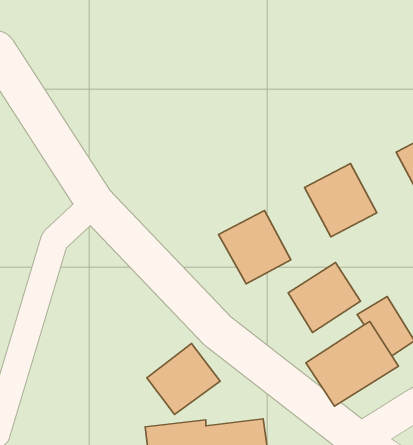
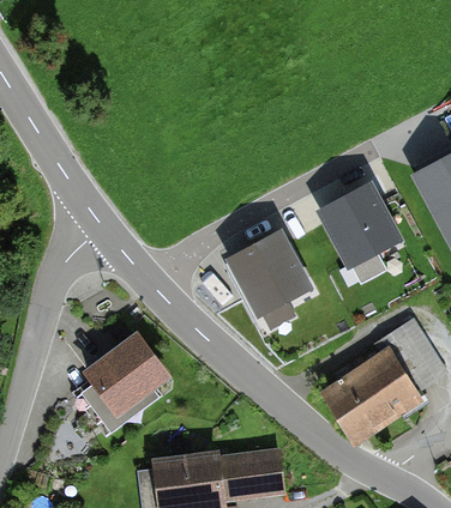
building: [288,263,361,333] -> none
building: [147,343,220,414] -> [88,337,164,411]

